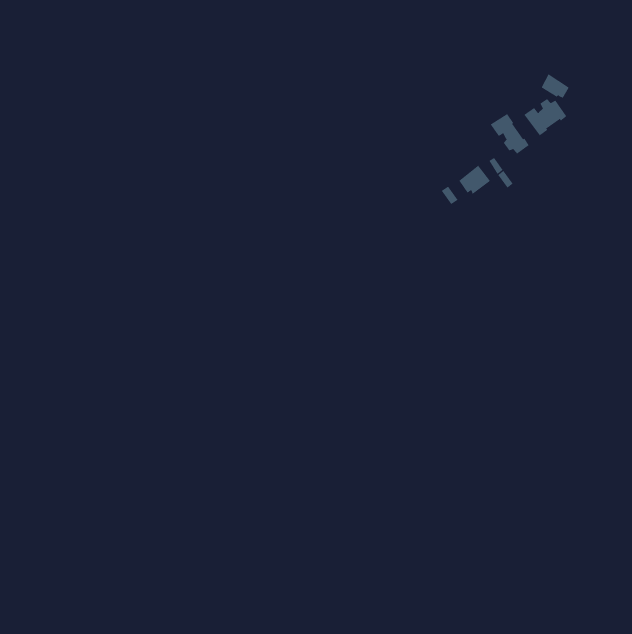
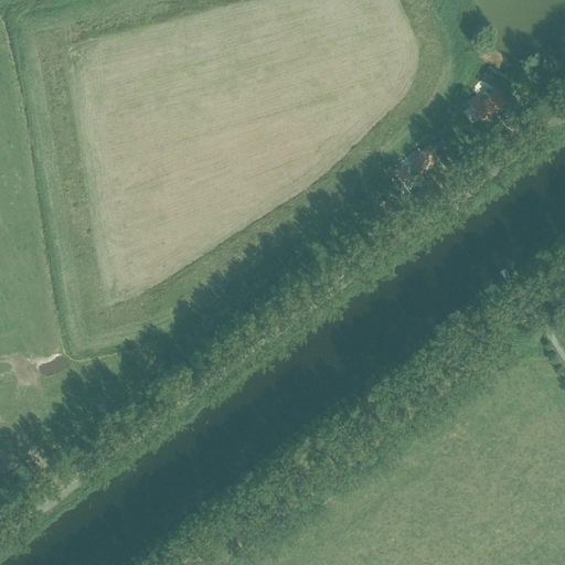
building: [490,113,530,155] -> none

